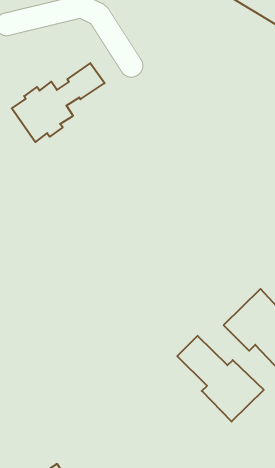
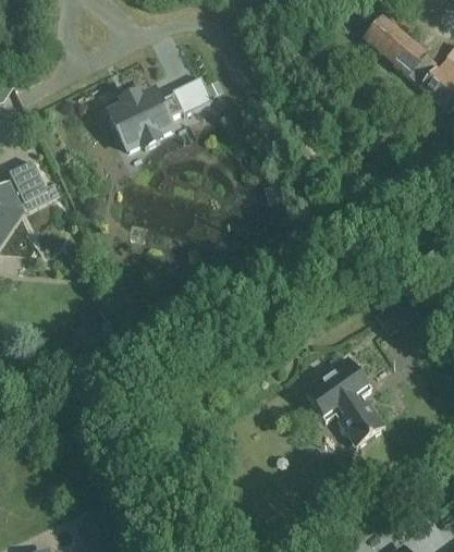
building: [177,336,264,422] -> none

